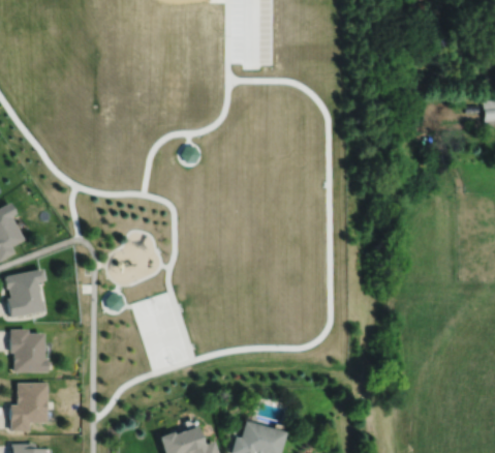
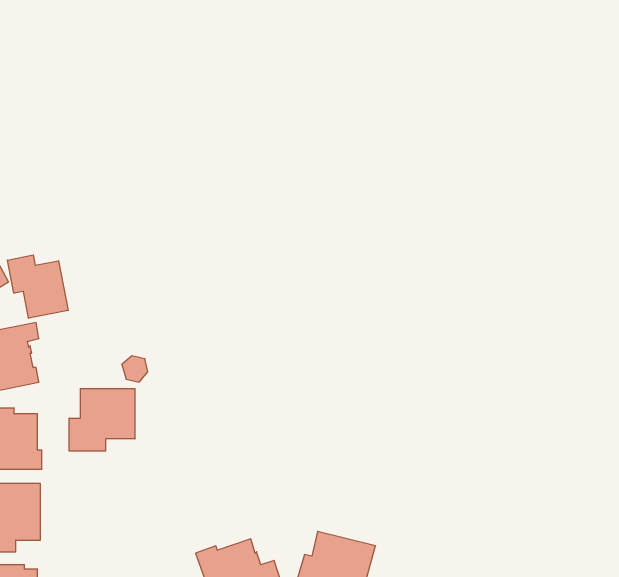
building: none -> [7,255,68,318]
building: none -> [69,389,135,451]

